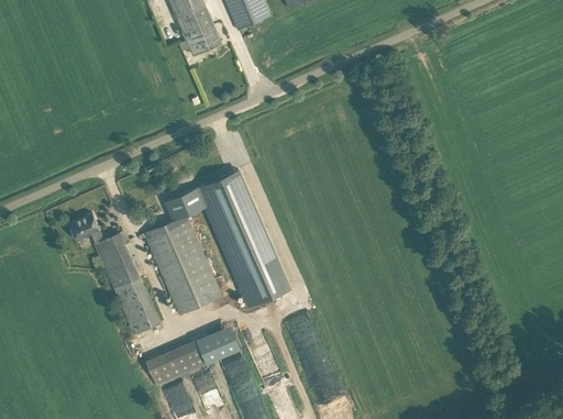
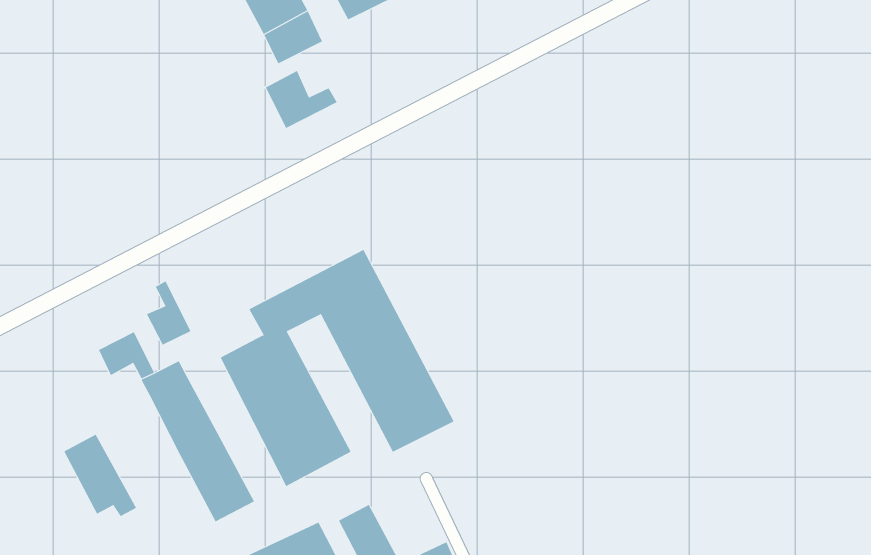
building: none -> [265,70,337,129]
building: none -> [146,280,191,345]
building: none -> [63,434,137,517]

